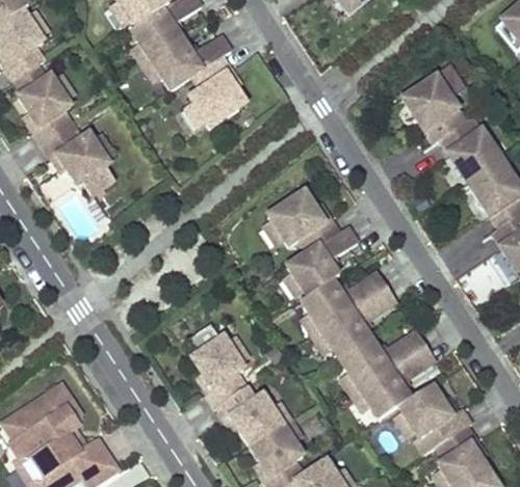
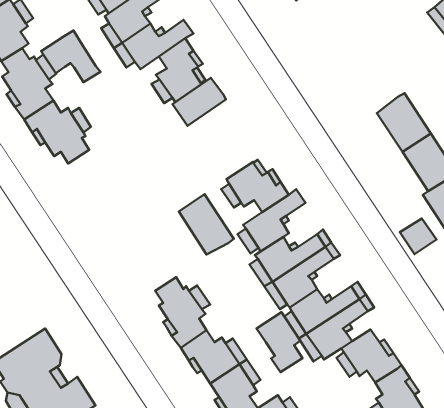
building: none -> [41,30,101,82]
building: [402,64,464,143] -> none
building: none -> [172,78,226,126]
building: none -> [179,194,234,254]
building: none -> [257,312,303,372]

